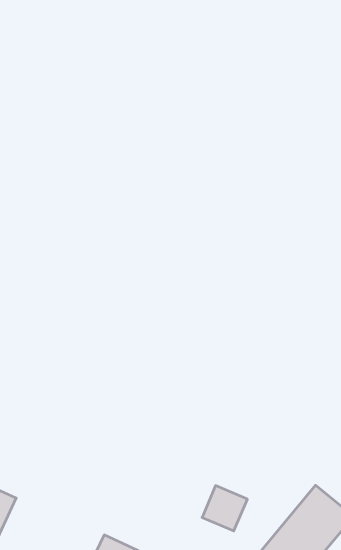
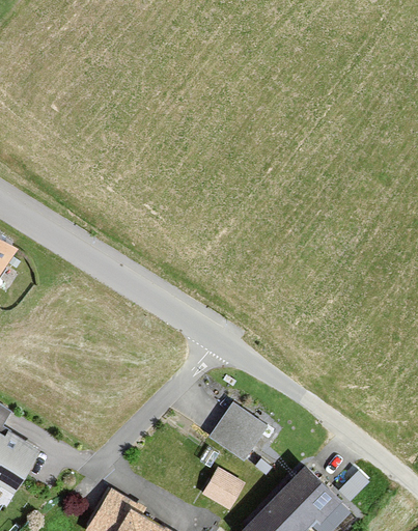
building: none -> [207,403,263,459]

